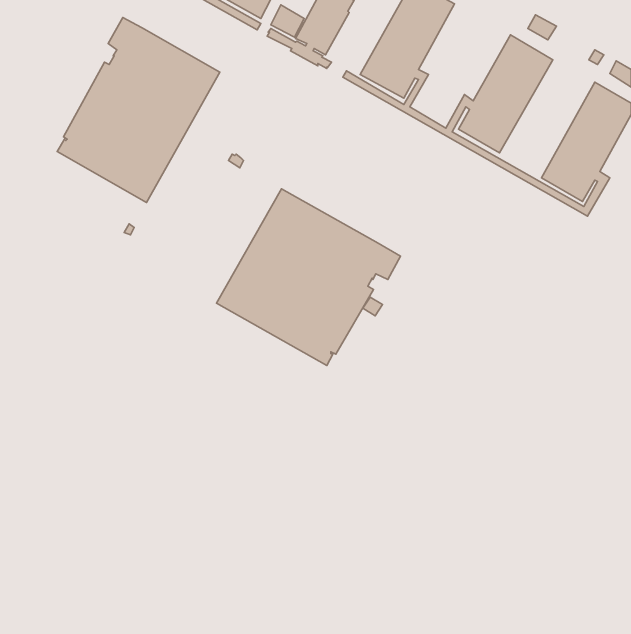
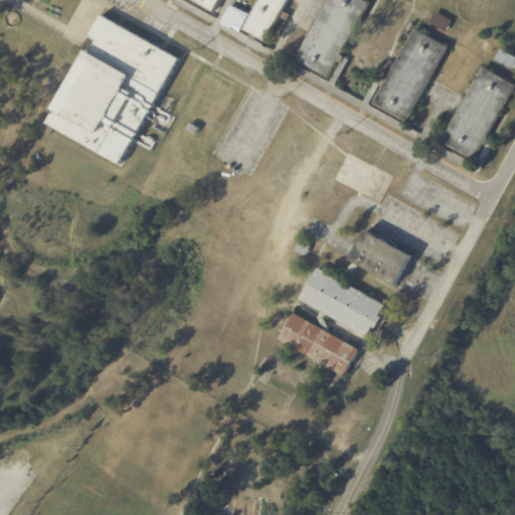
building: [217,189,401,365] -> none
building: none -> [279,229,410,375]

